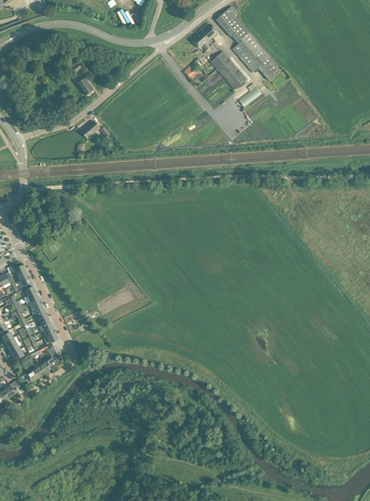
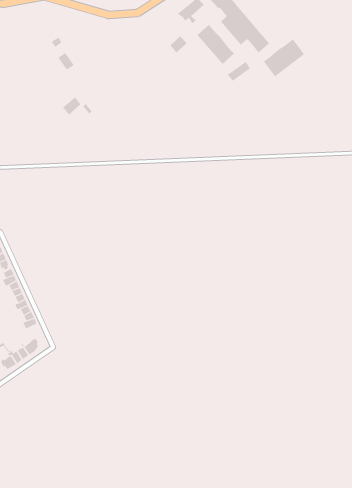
building: none -> [263,39,305,77]

